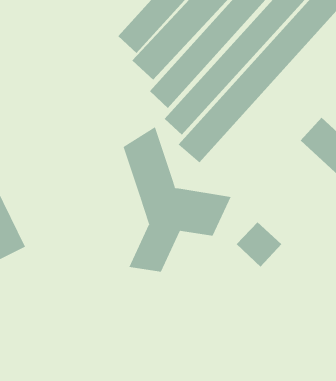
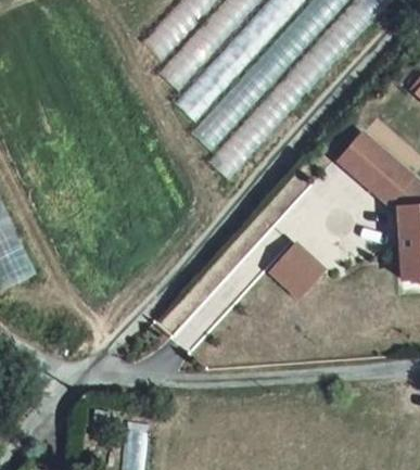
building: [123,126,232,273] -> none

